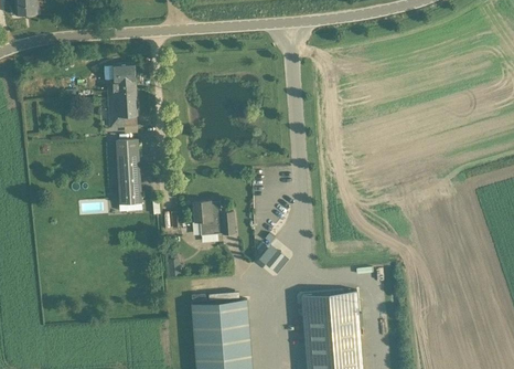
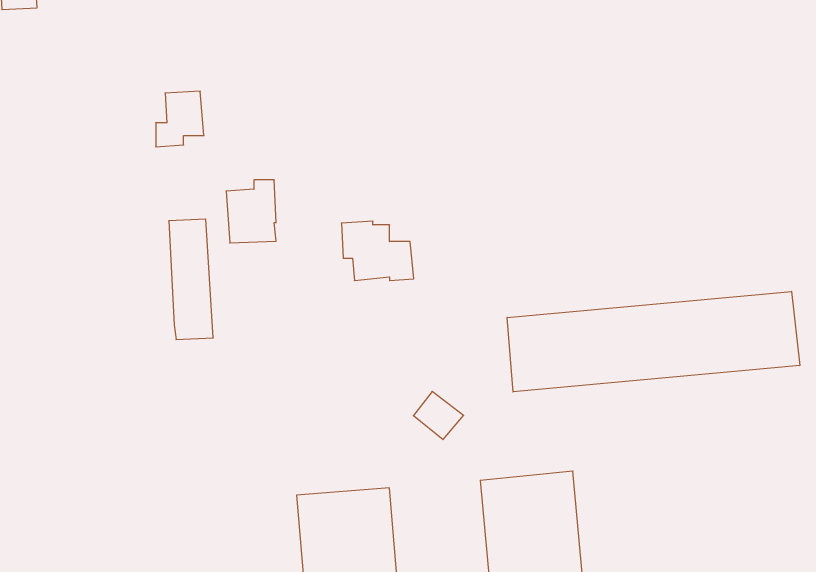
building: [107,92,137,129] -> [226,180,276,243]
building: none -> [507,291,800,392]
building: [192,202,235,238] -> [341,221,414,281]

